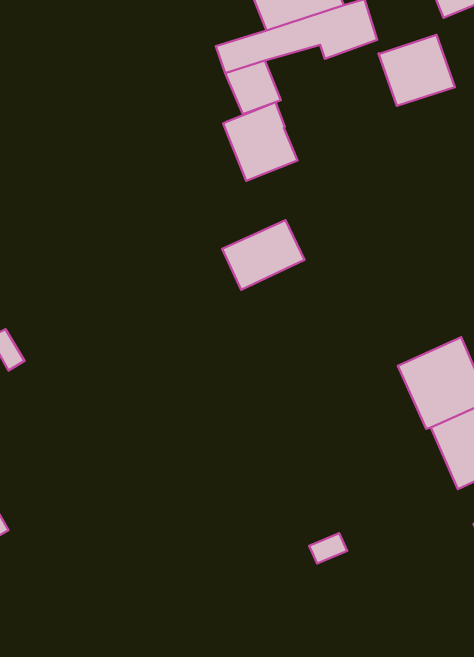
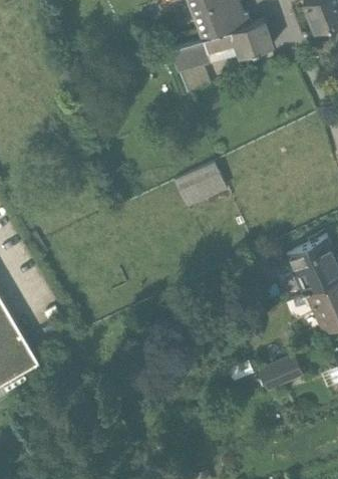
building: [379,35,455,106] -> none
building: [223,102,297,181] -> none
building: none -> [257,352,303,391]

